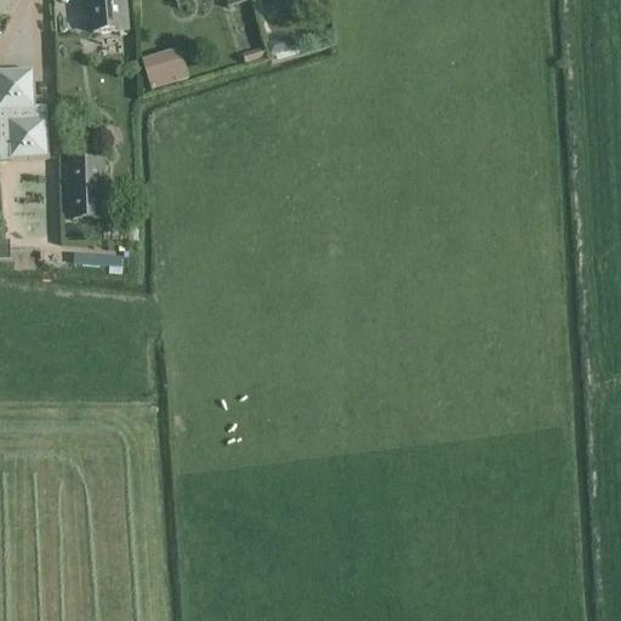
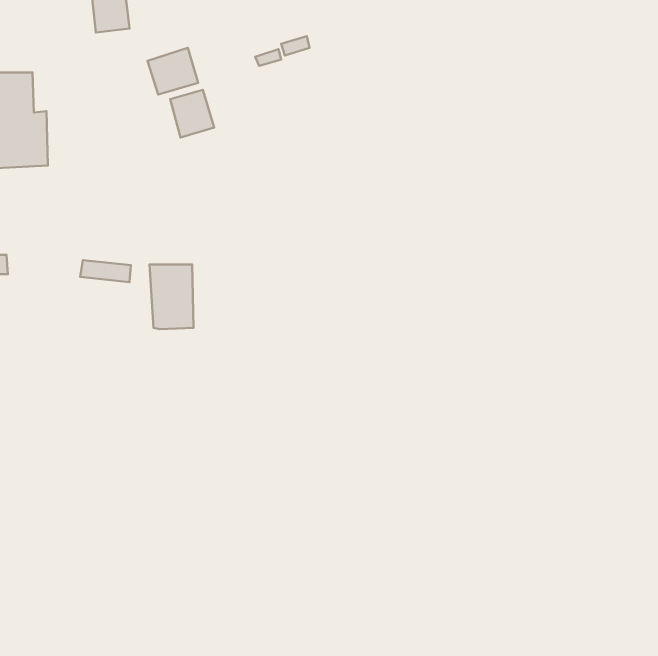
building: none -> [170,90,214,138]
building: [62,159,103,220] -> [149,265,193,329]

